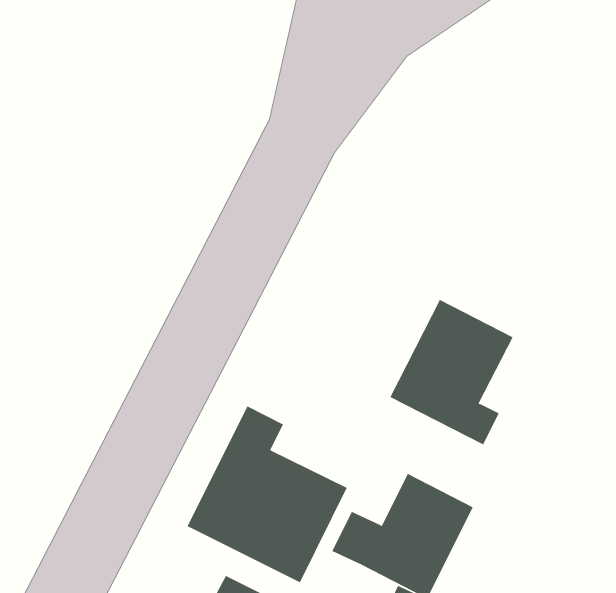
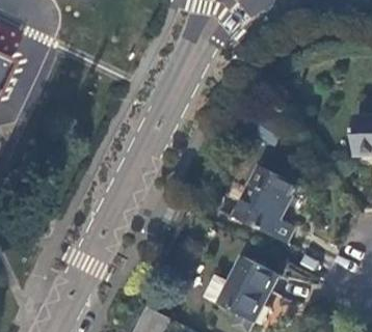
building: [187,406,347,583] -> none

